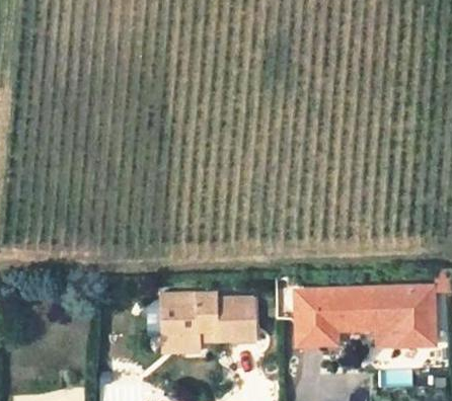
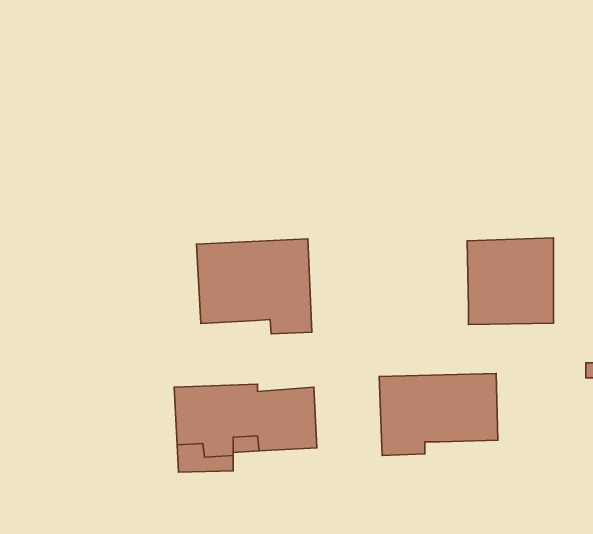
building: none -> [197,239,312,334]
building: [375,286,433,343] -> [467,238,554,325]

